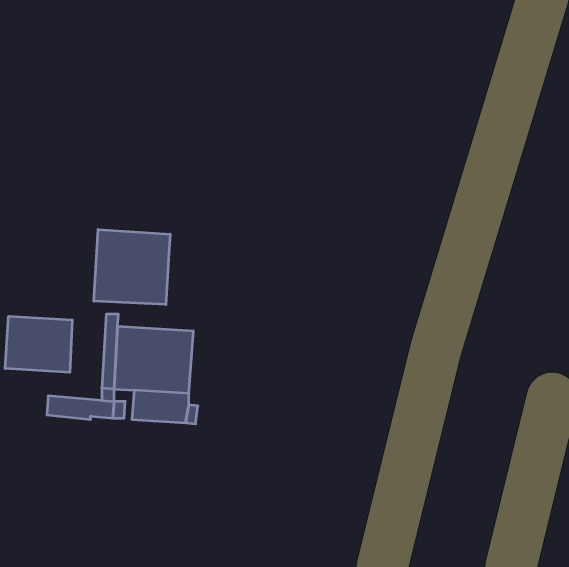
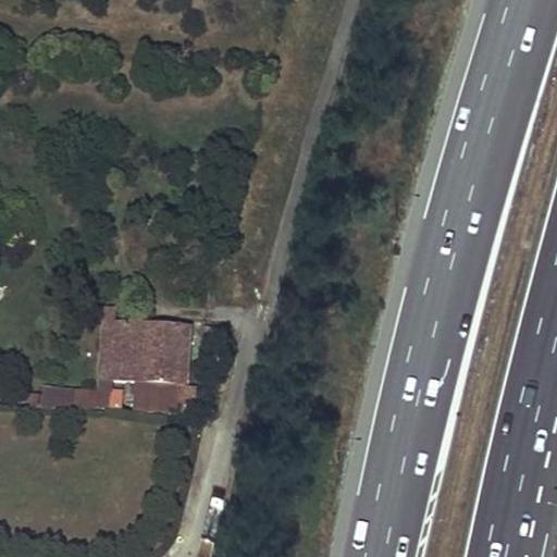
building: [94,229,170,305] -> none
building: [5,316,72,372] -> none

